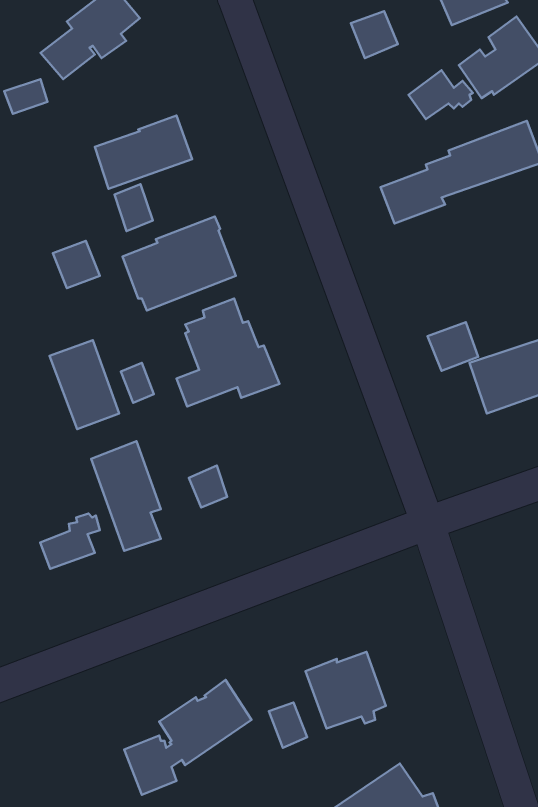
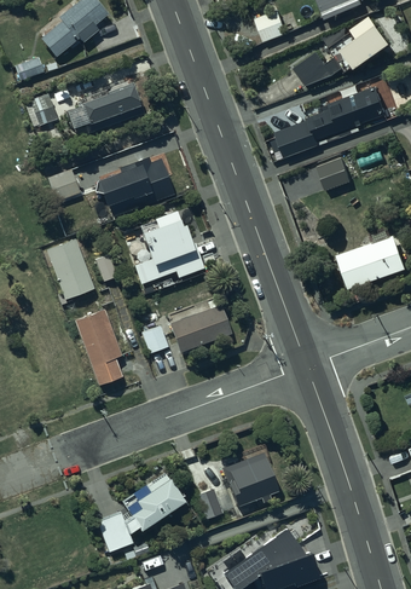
building: [114,184,153,231] -> [28,93,54,126]
building: [428,322,478,371] -> [316,157,351,191]
building: none -> [167,299,228,352]
building: [40,514,100,569] -> none

